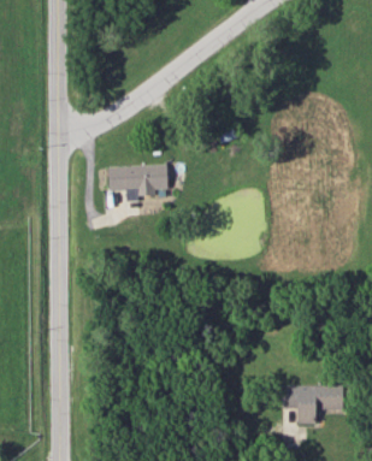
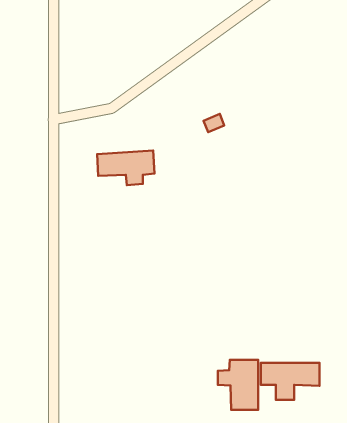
building: none -> [218,360,258,410]

